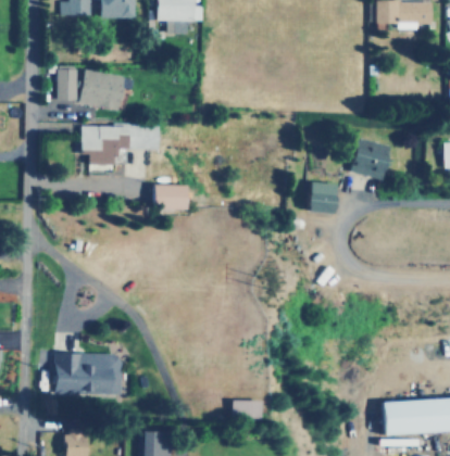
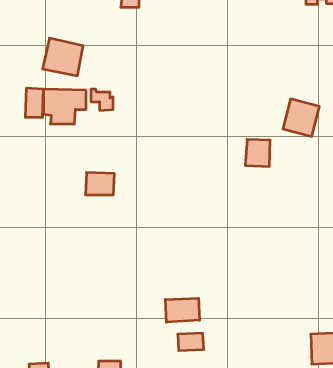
building: [59,68,79,101] -> [25,88,44,117]
building: [152,185,185,210] -> [85,173,114,195]
building: [53,353,120,394] -> none
building: none -> [165,298,200,322]

